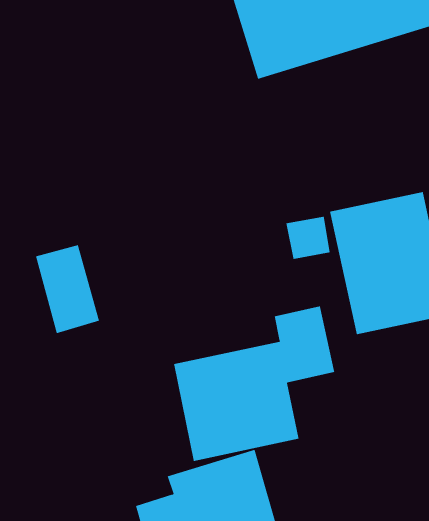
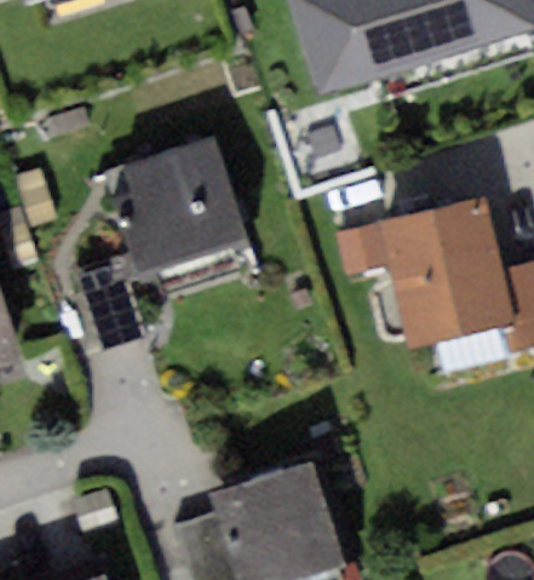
building: none -> [114,138,247,268]
building: [173,306,335,462] -> none

